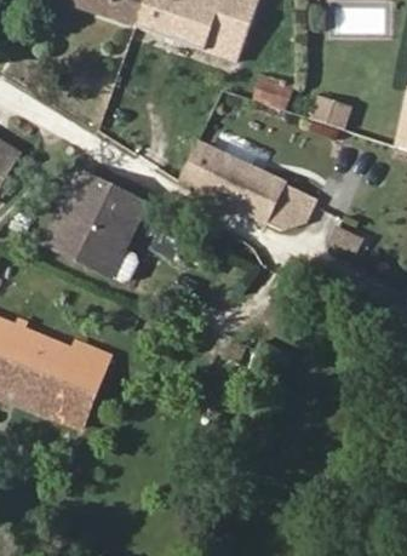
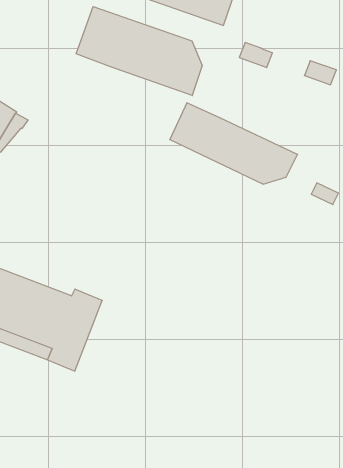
building: none -> [76,7,202,96]
building: [46,172,147,275] -> none

